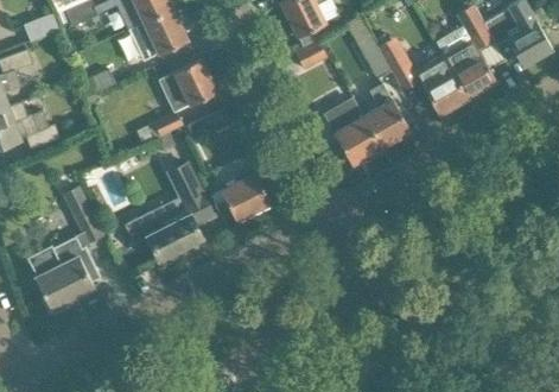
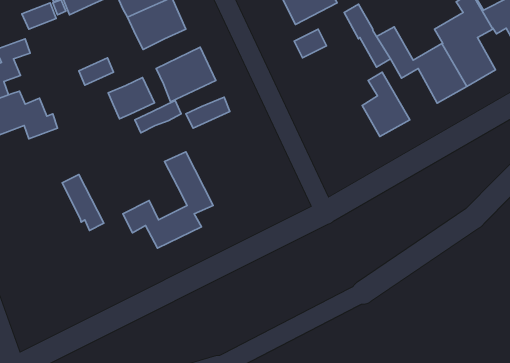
building: none -> [108,77,155,119]
building: [323,99,380,164] -> none
building: [210,172,271,221] -> none
building: [34,238,100,312] -> none

